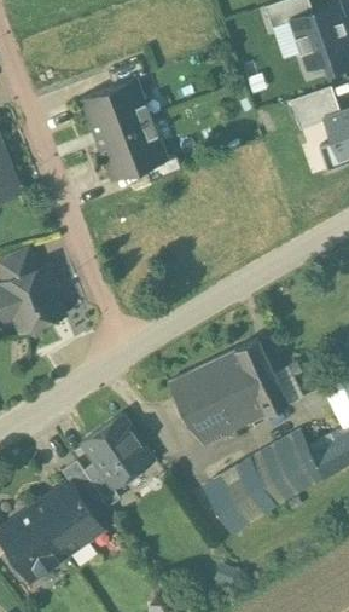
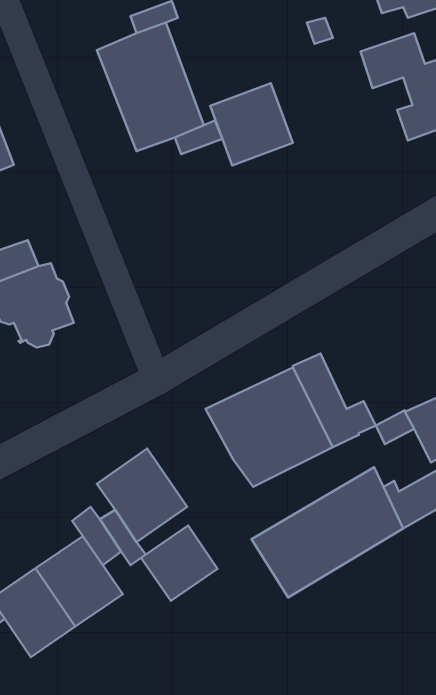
building: none -> [210,83,293,165]
building: none -> [141,526,217,601]

